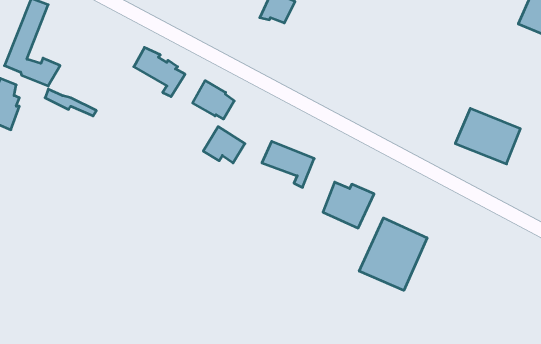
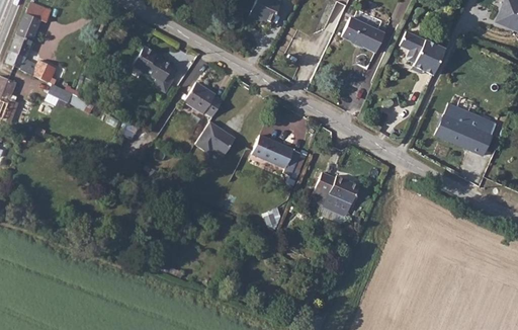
building: none -> [345,18,386,55]
building: none -> [397,30,440,75]
building: [359,218,427,290] -> none

